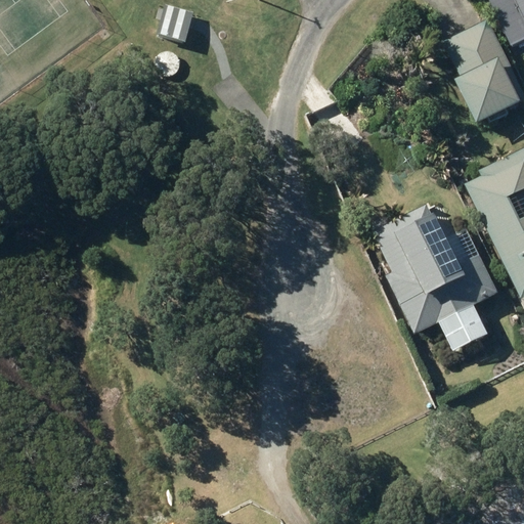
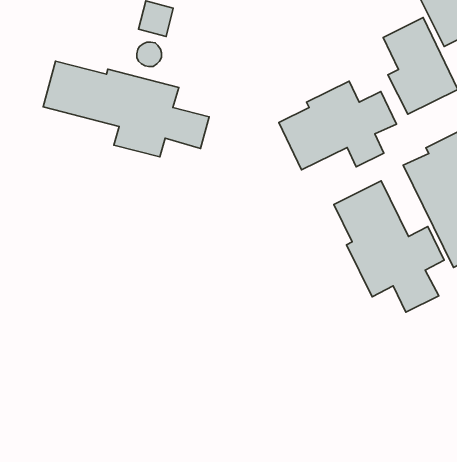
building: none -> [43,61,209,157]
building: none -> [279,81,397,170]

